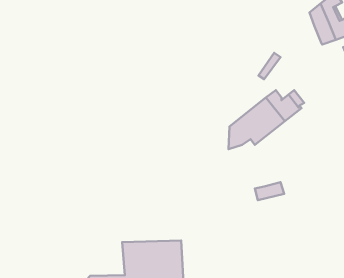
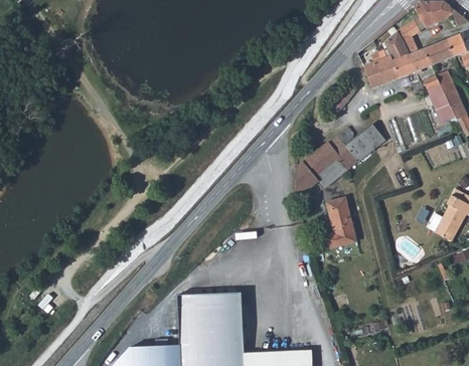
building: none -> [363,55,399,87]
building: none -> [325,197,352,233]

